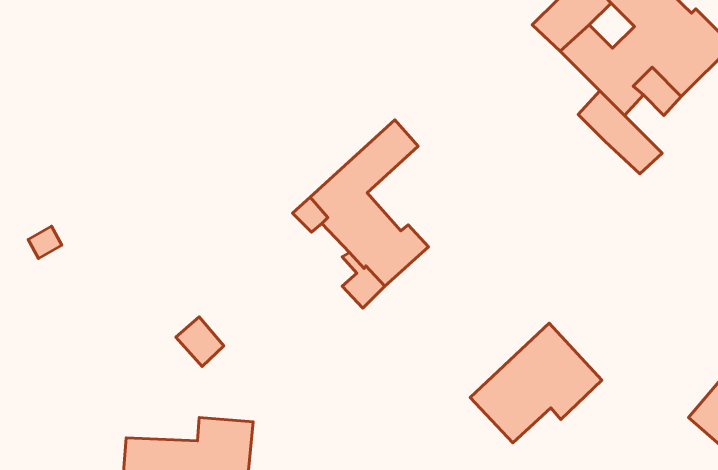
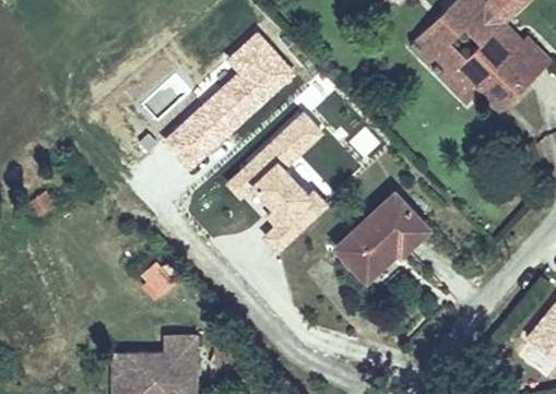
building: none -> [167,35,294,166]
building: [578,91,662,174] -> none
building: [470,323,602,443] -> [331,186,429,275]

